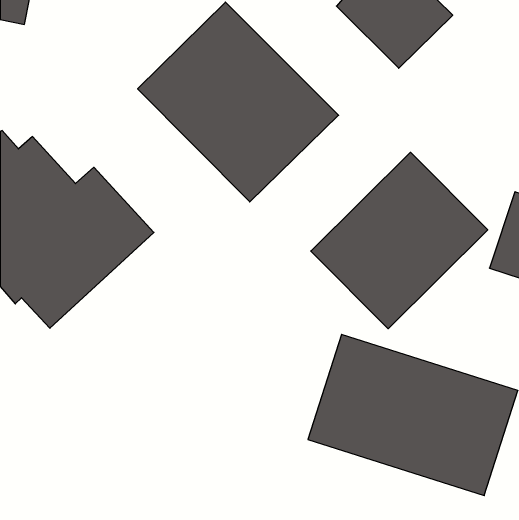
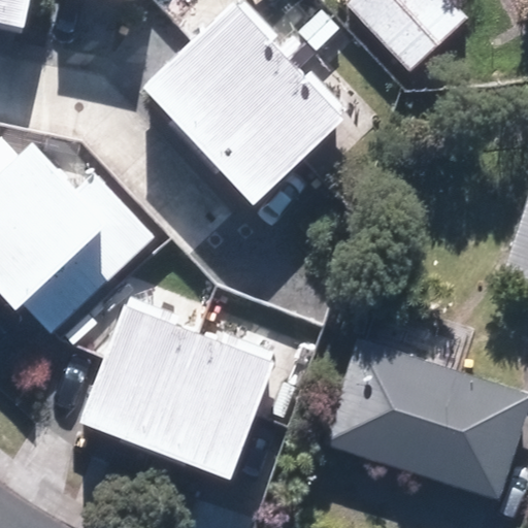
building: [311,152,488,329] -> none
building: none -> [80,304,276,478]

